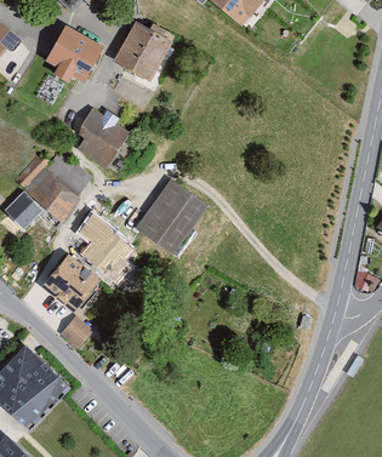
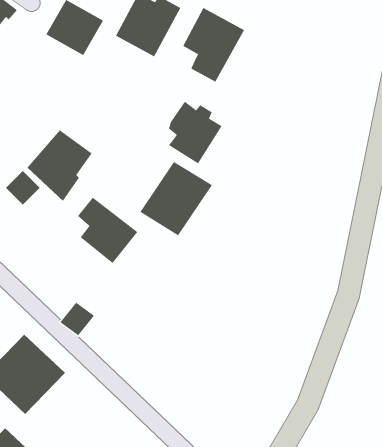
building: none -> [182,7,245,82]
building: [79,104,131,165] -> [168,101,223,164]
building: [41,255,99,314] -> none

